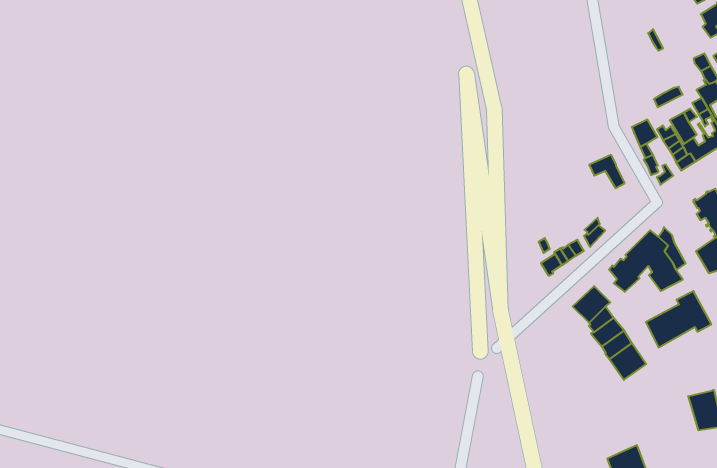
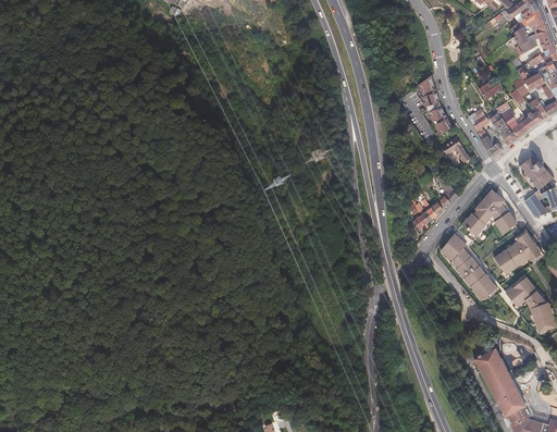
building: none -> [419,75,453,136]
building: none -> [506,276,546,308]

